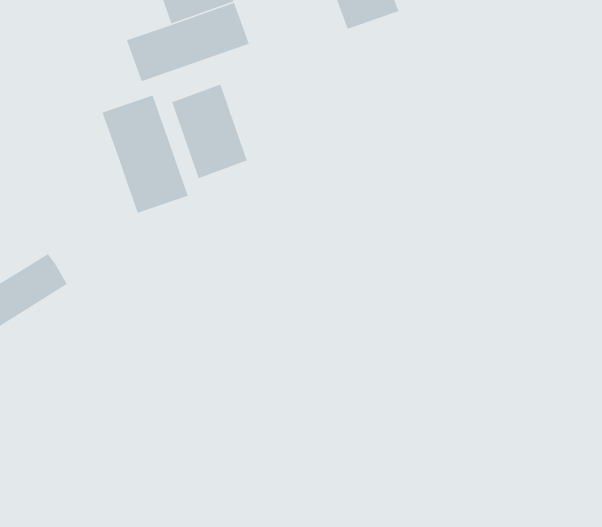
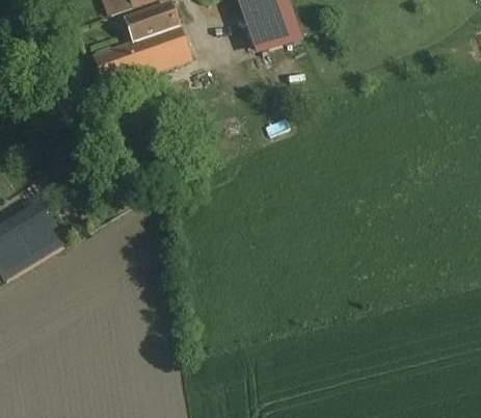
building: [171,84,248,179] -> none
building: [101,95,189,214] -> none

